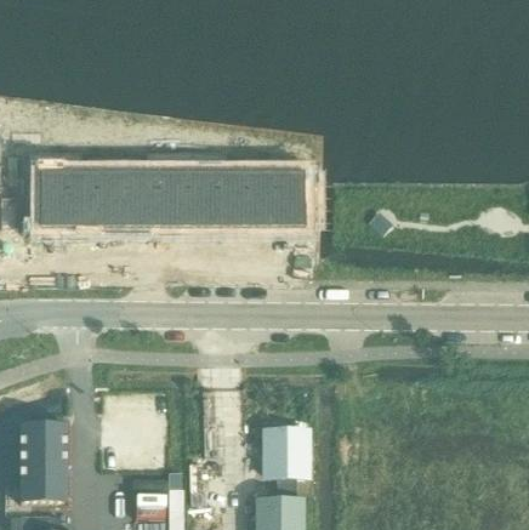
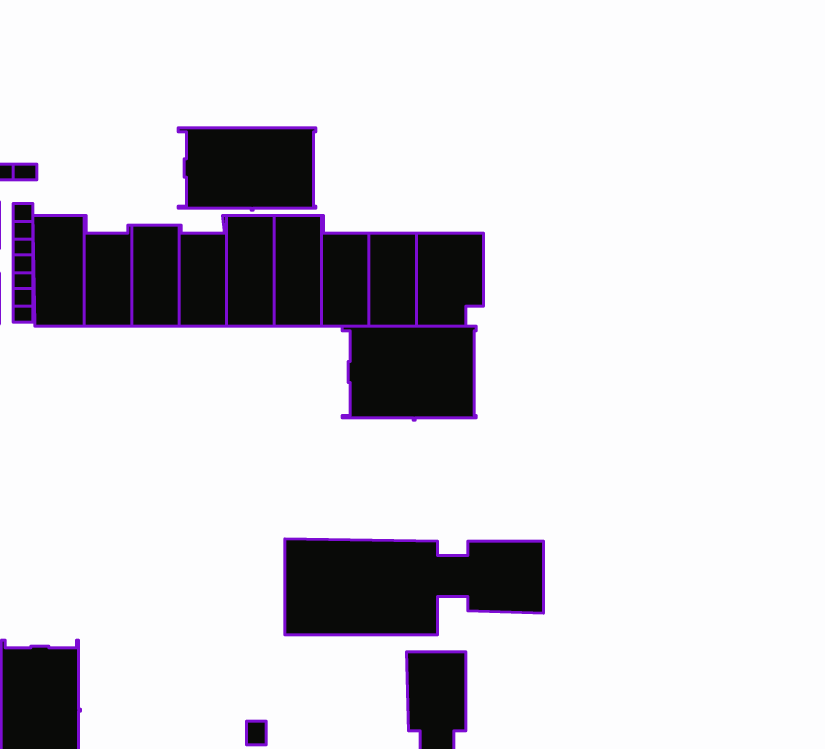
building: none -> [178,128,316,210]
building: none -> [342,326,476,420]
building: none -> [285,539,543,635]

